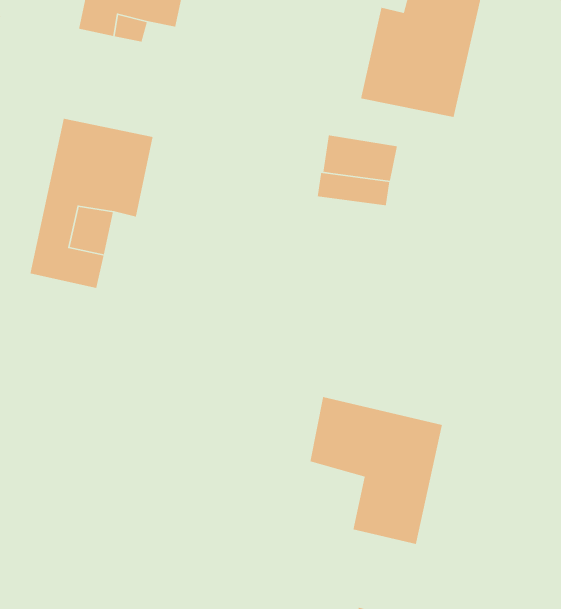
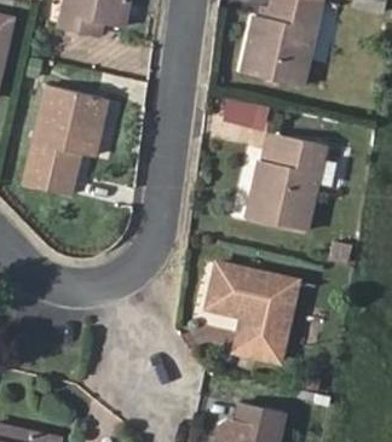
building: none -> [248,134,327,231]

